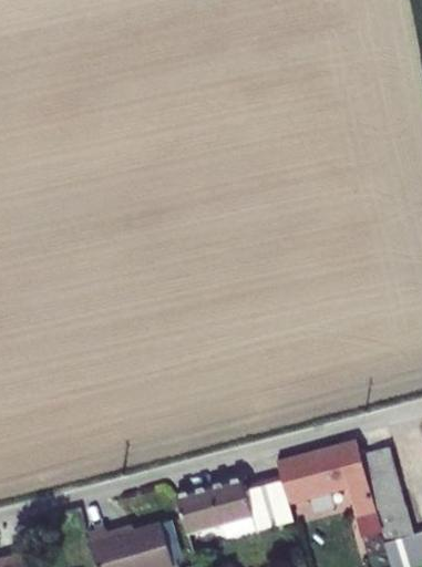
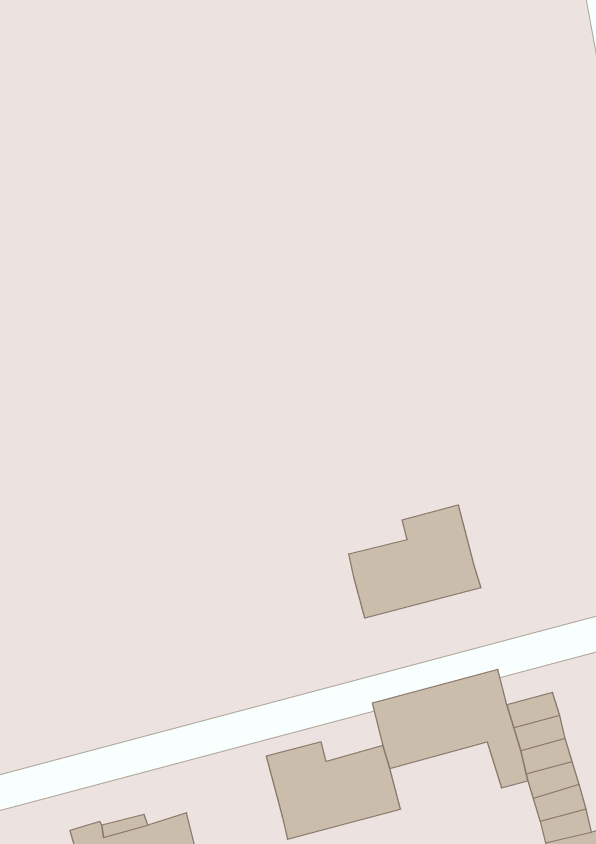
building: none -> [349,505,481,618]
building: [175,488,219,535] -> none

